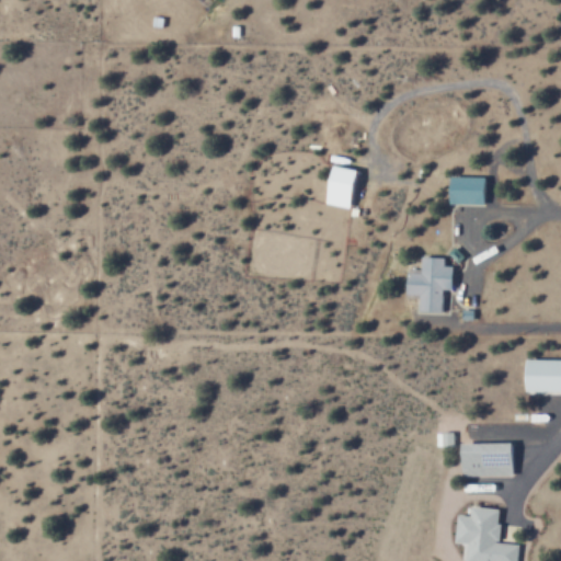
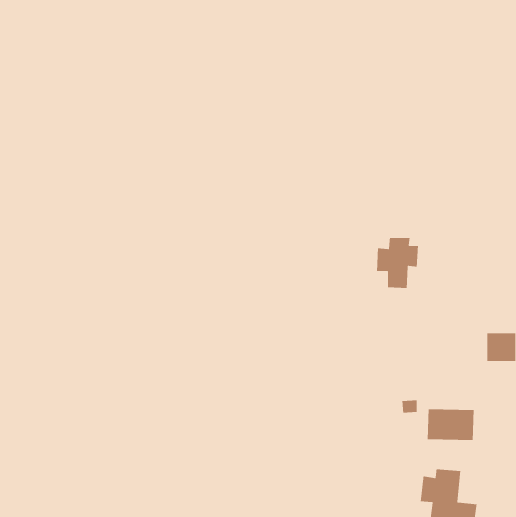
building: [328,167,357,208] -> none
building: [449,176,492,205] -> none

